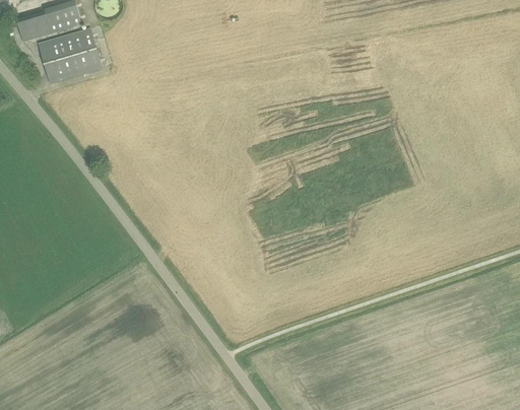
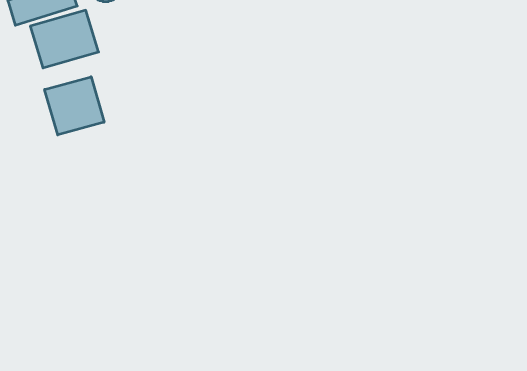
building: none -> [45,77,104,135]

